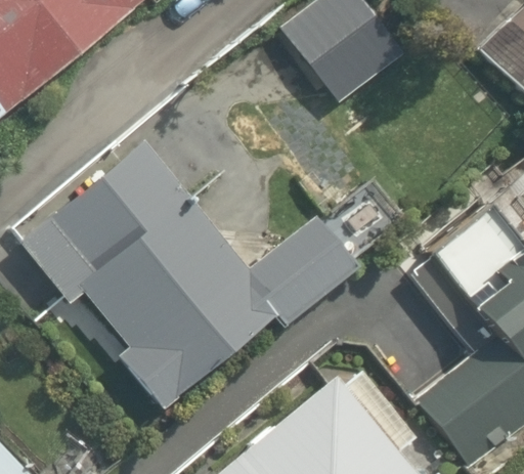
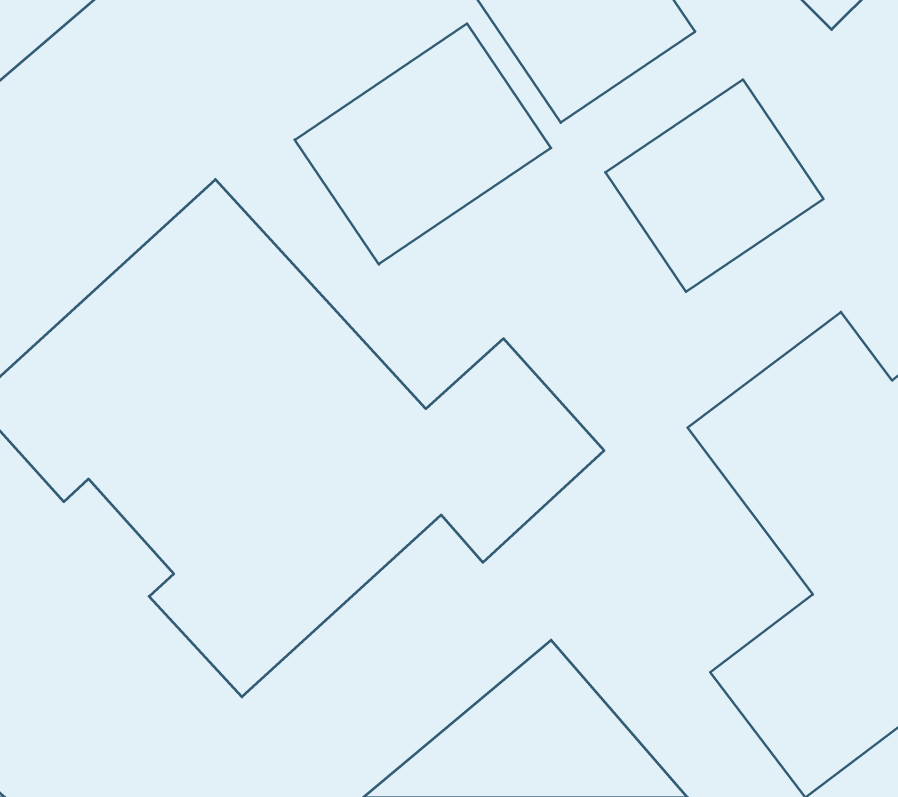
building: none -> [295,24,551,264]
building: none -> [605,80,823,292]

